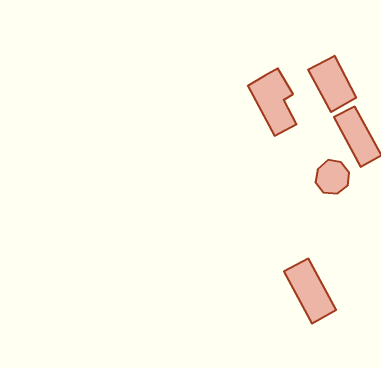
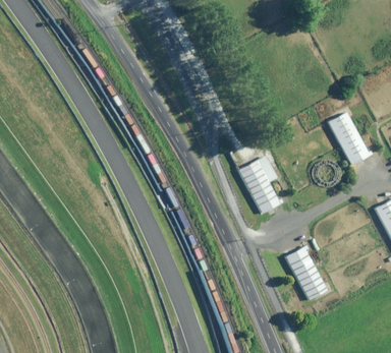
building: [308,56,356,112] -> none
building: [248,68,297,136] -> [237,155,280,214]

